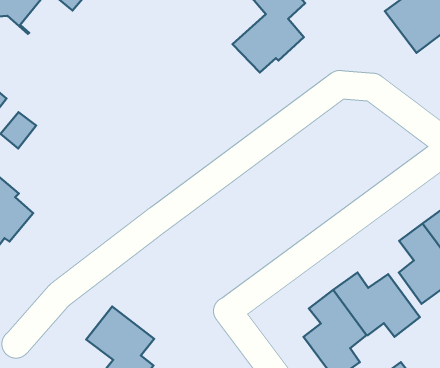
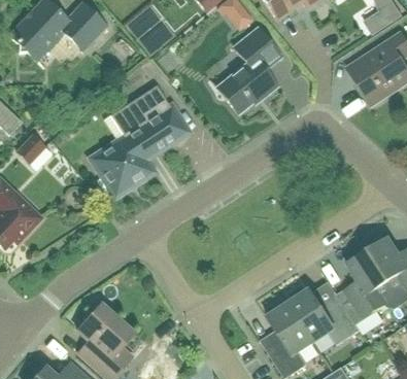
building: none -> [95,84,190,197]

